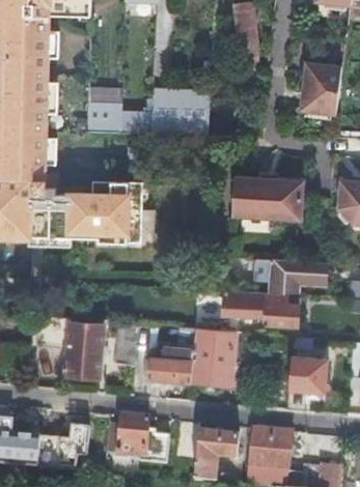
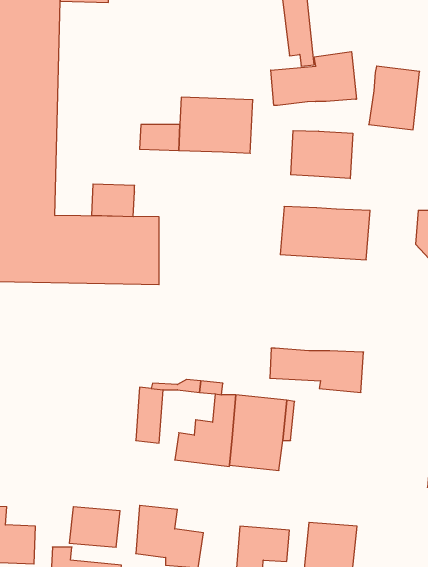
building: none -> [271,52,356,105]
building: [86,106,120,132] -> [92,184,135,217]
building: none -> [291,131,353,179]
building: [254,259,321,293] -> none
building: [35,314,104,380] -> none
building: [289,356,328,392] -> none

